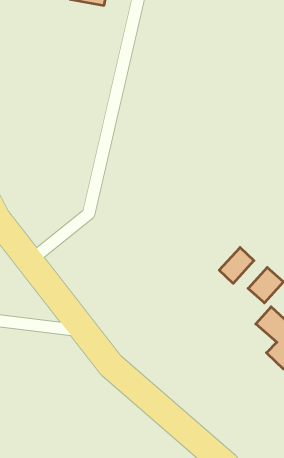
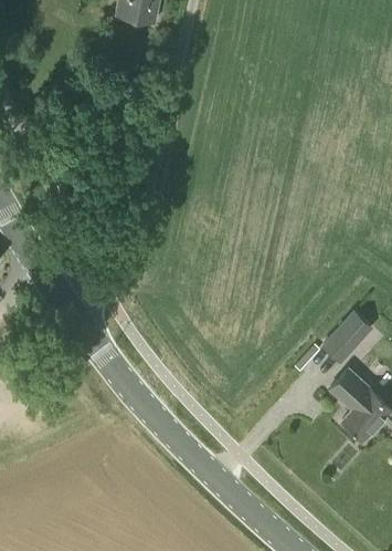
building: [219,247,254,283] -> none

